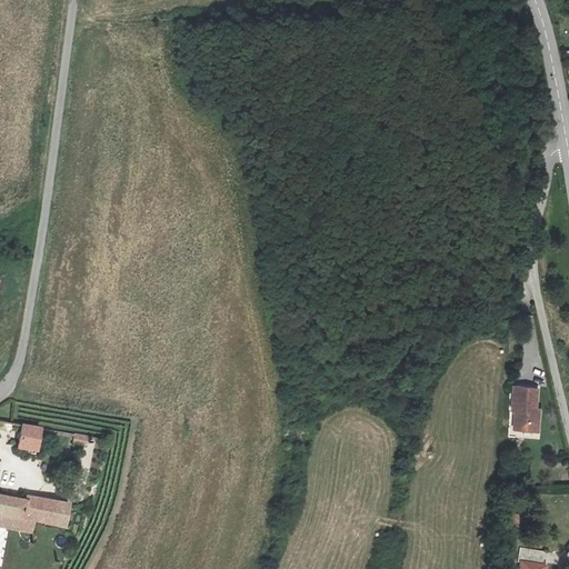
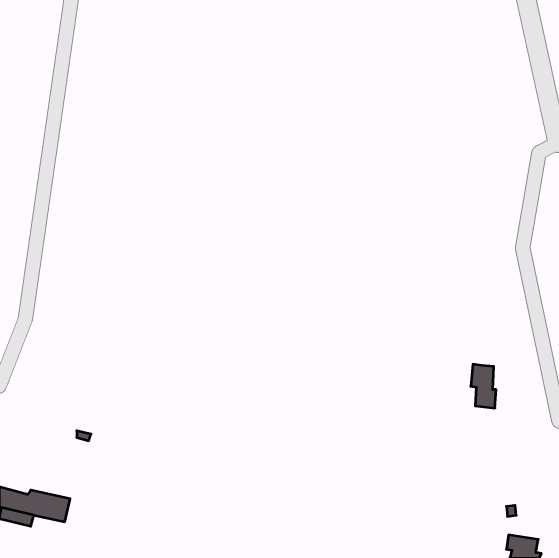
building: [510,383,536,428] -> [471,364,496,408]
building: [19,423,54,450] -> none

